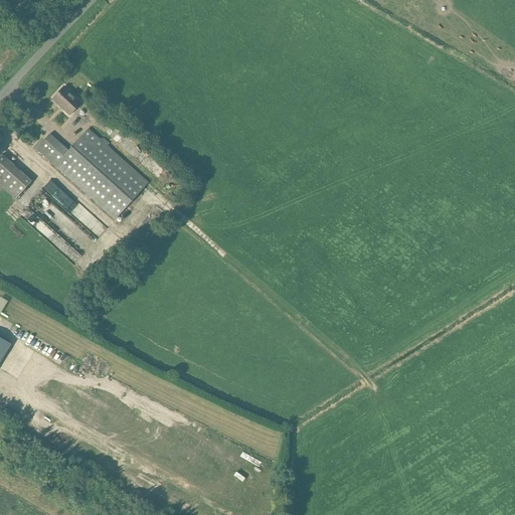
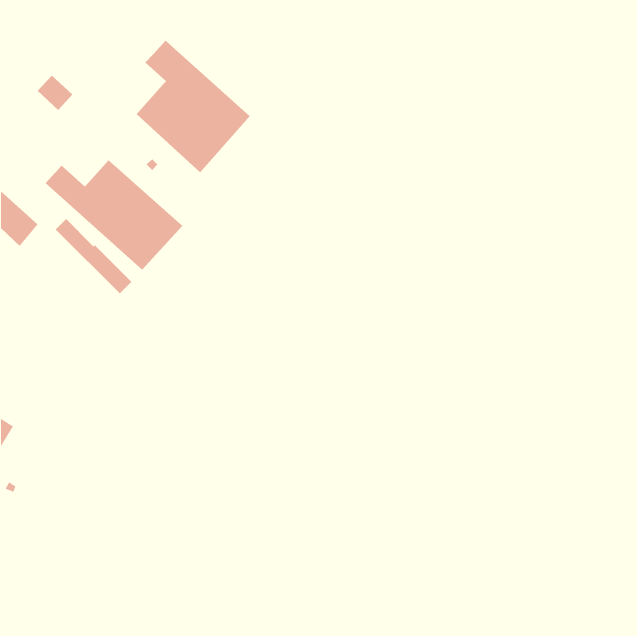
building: none -> [136,40,251,173]
building: [52,85,81,115] -> [37,75,73,111]

